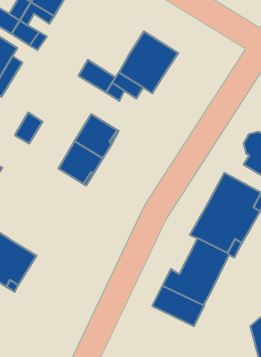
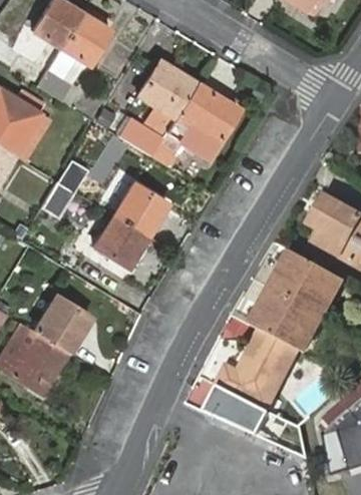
building: none -> [138,59,197,116]
building: none -> [34,295,88,350]

